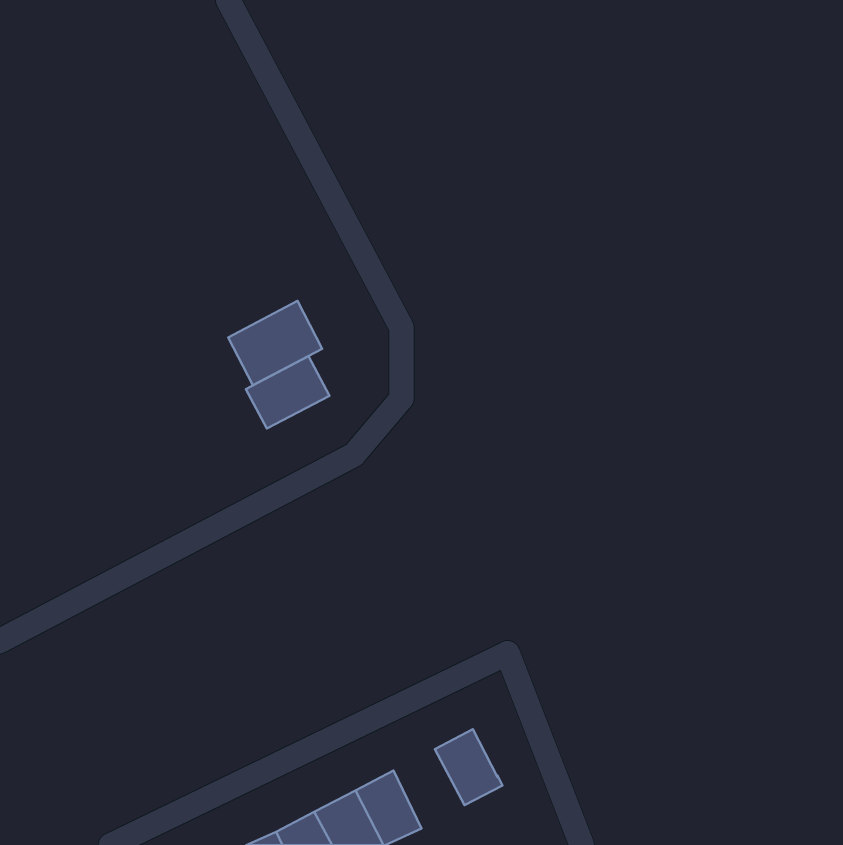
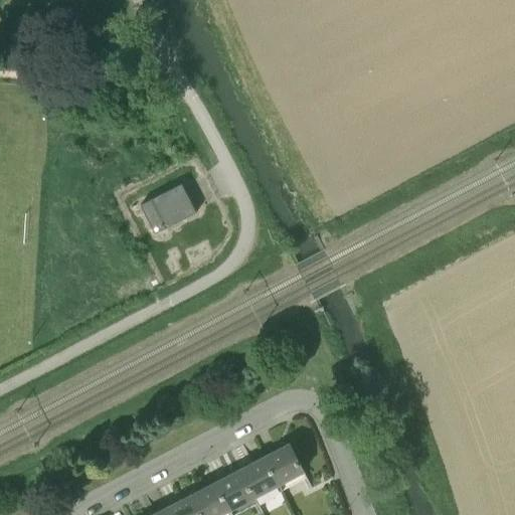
building: [246,356,329,429] -> none
building: none -> [239,456,283,504]

